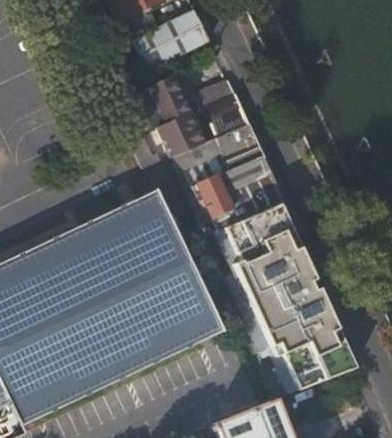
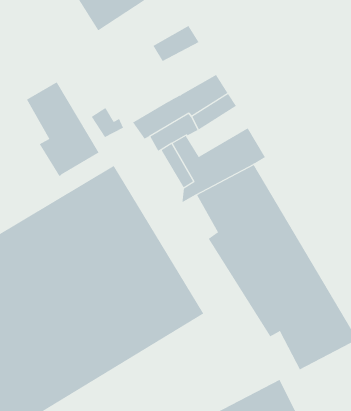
building: [147,71,208,157] -> [26,81,100,177]
building: [205,90,252,135] -> none
building: [220,150,275,191] -> none

